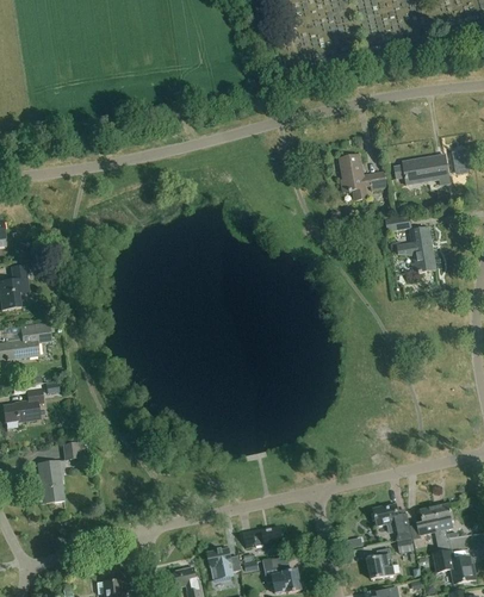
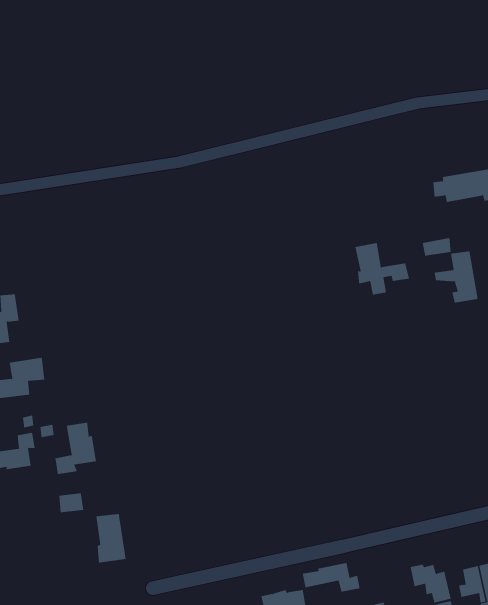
building: [339,154,387,200] -> [355,243,410,295]
building: none -> [55,422,96,475]
building: [37,460,64,504] -> [95,514,126,563]
building: none -> [302,562,360,593]

